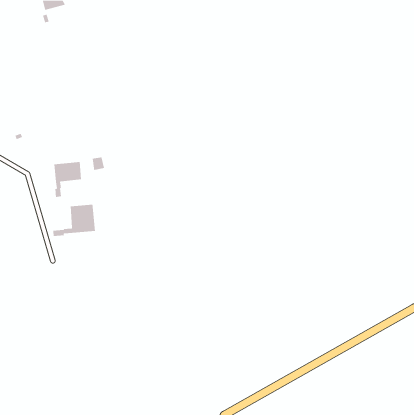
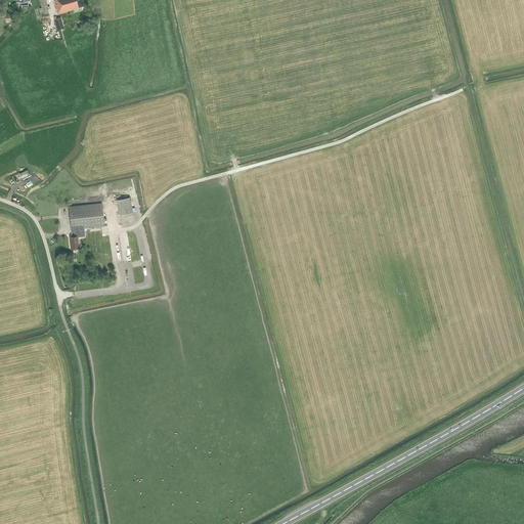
building: [53,204,95,237] -> none

